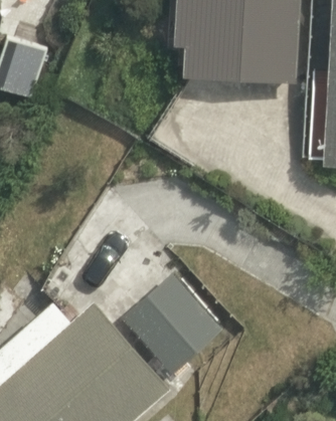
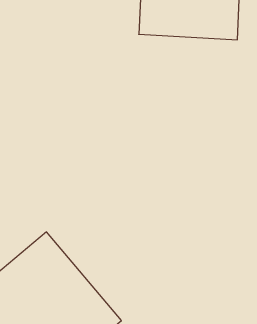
building: [120,270,227,377] -> none

